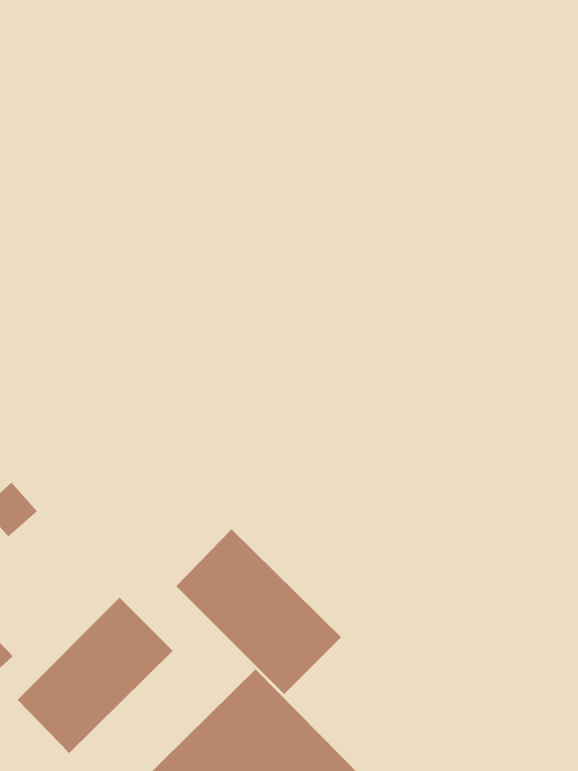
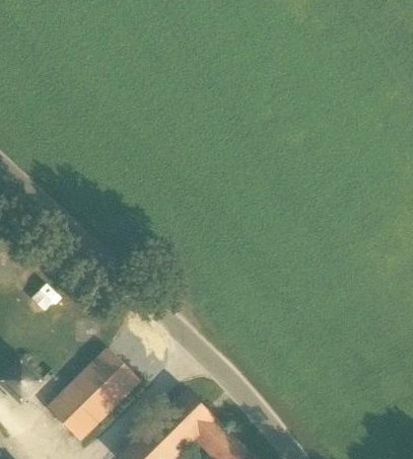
building: [176,528,342,695] -> none

